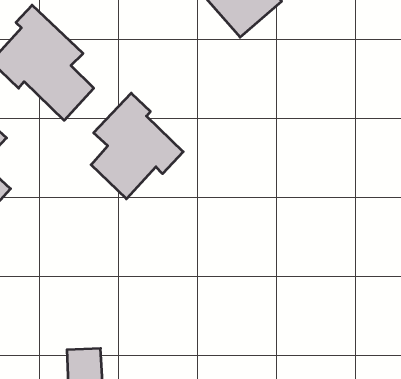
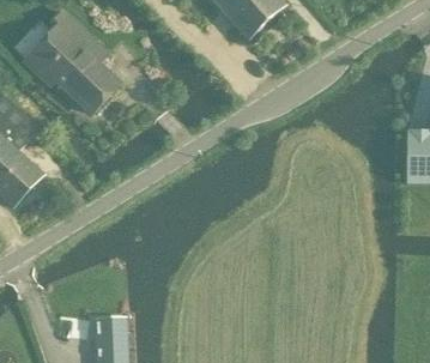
building: [91,93,183,199] -> none

